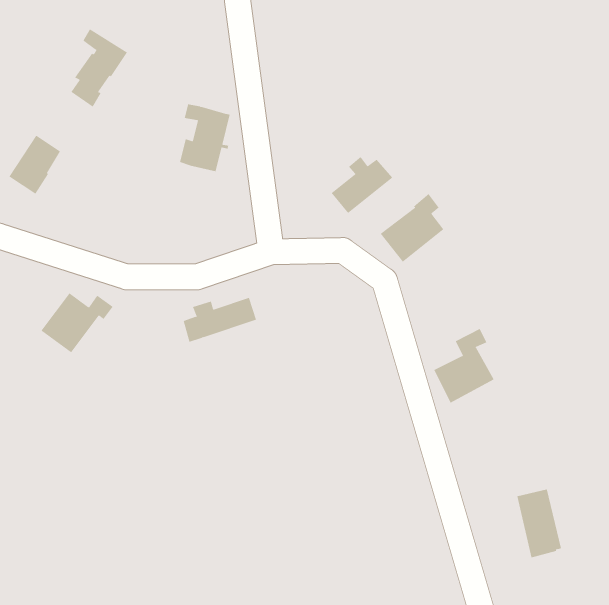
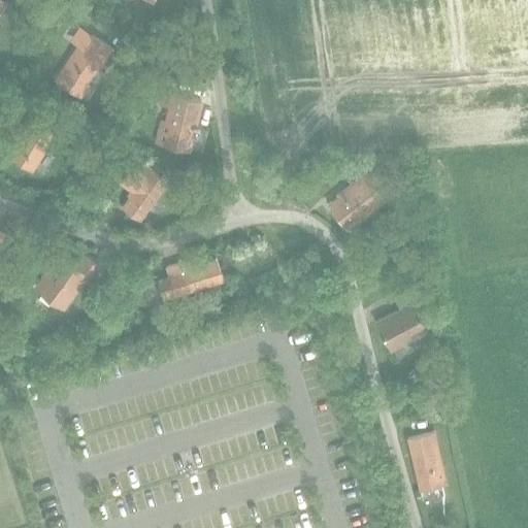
building: [331,156,393,214] -> none
building: none -> [123,167,169,222]
building: [516,489,562,558] -> [406,433,446,493]

